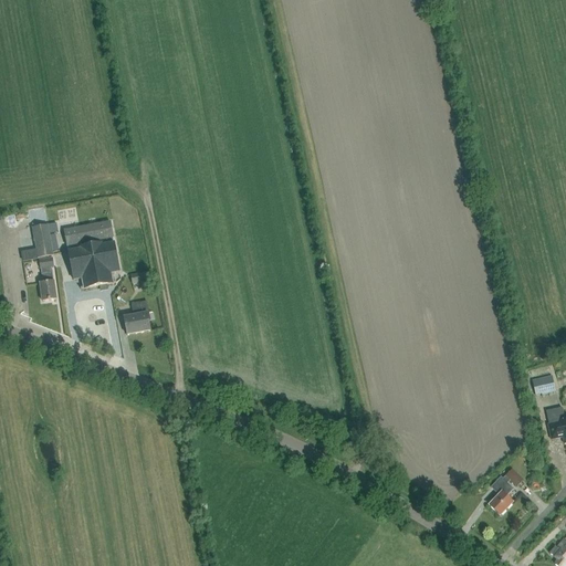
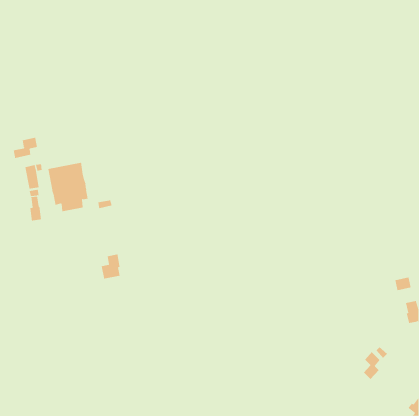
building: none -> [13,137,38,159]
building: [124,298,150,333] -> [101,254,121,279]

